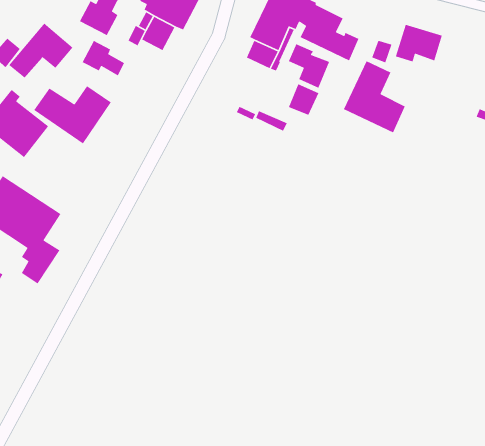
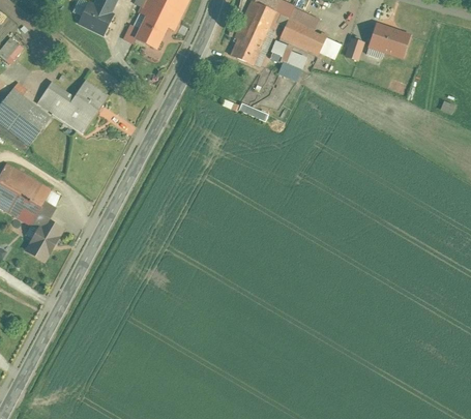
building: [8,23,73,78] -> none
building: [82,40,125,77] -> none
building: [343,60,406,133] -> none
building: [288,83,319,116] -> none

